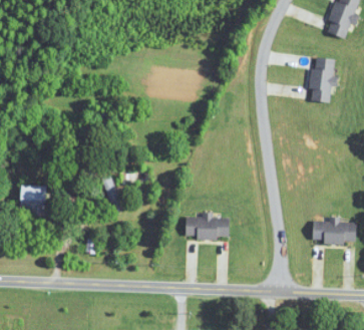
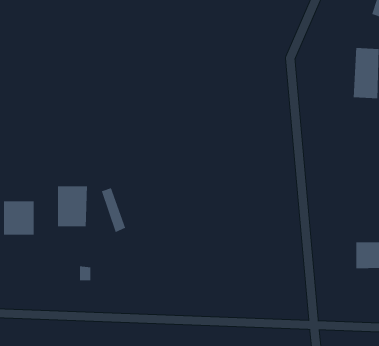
building: none -> [57,186,88,227]
building: [187,215,229,239] -> none

